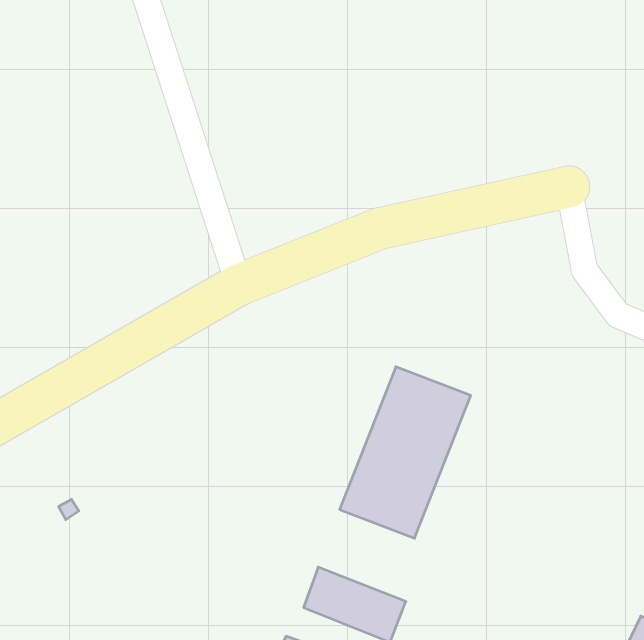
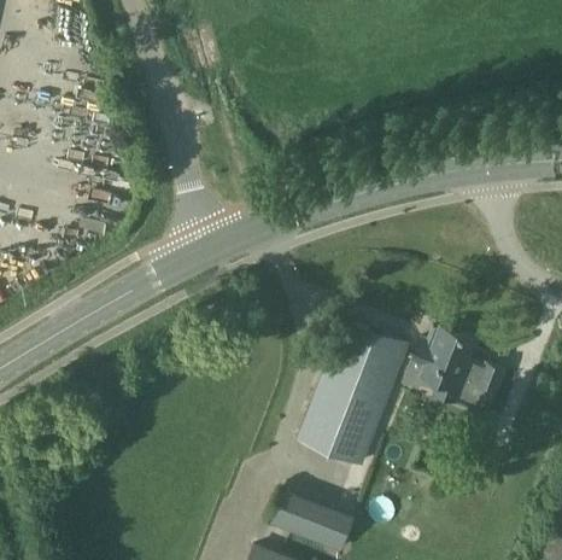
building: none -> [403,323,508,416]

